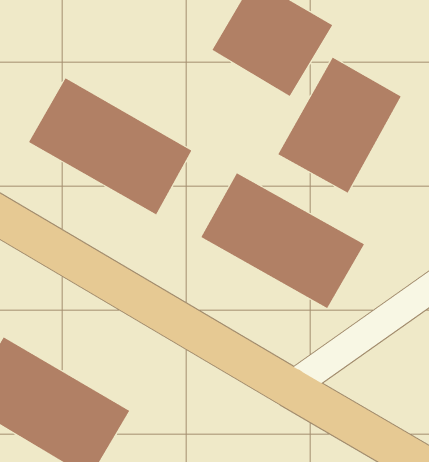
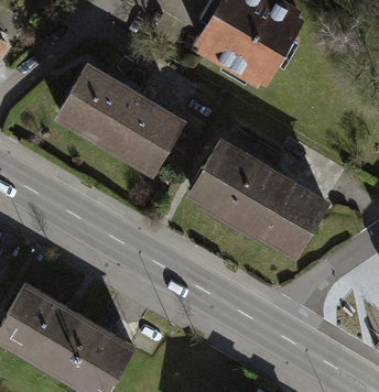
building: [278,57,402,194] -> none

